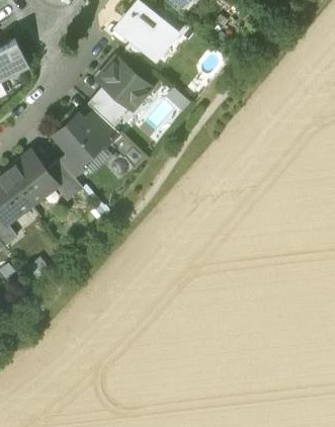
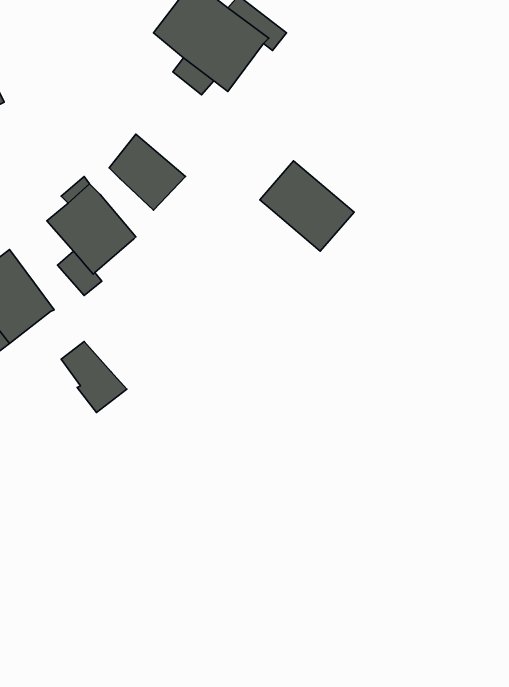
building: [96,58,150,109] -> [260,161,354,251]
building: [82,110,118,147] -> none
building: [45,160,82,200] -> [61,341,127,412]

